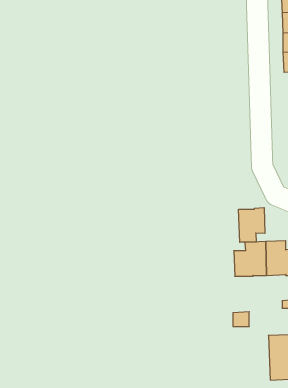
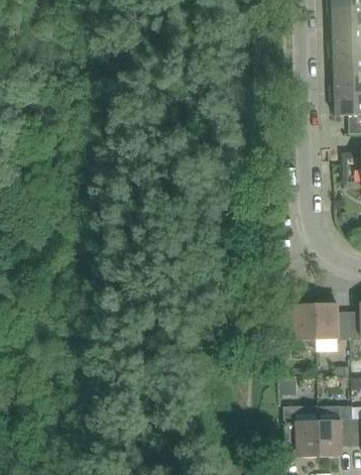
building: [239,208,265,242] -> none
building: none -> [283,405,321,456]

